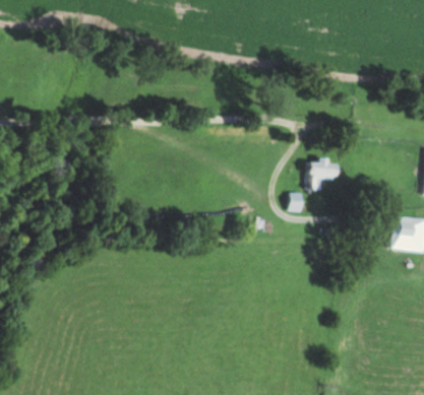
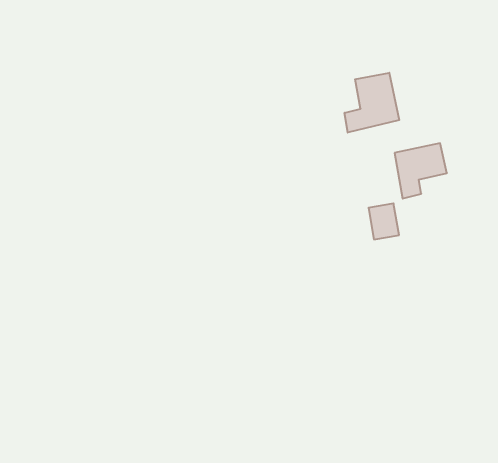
building: none -> [345,73,399,133]

